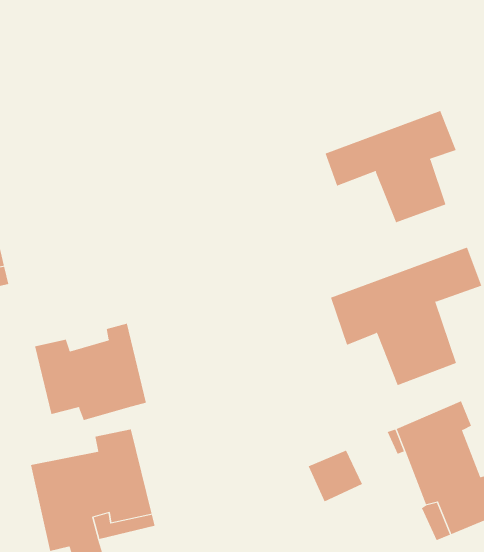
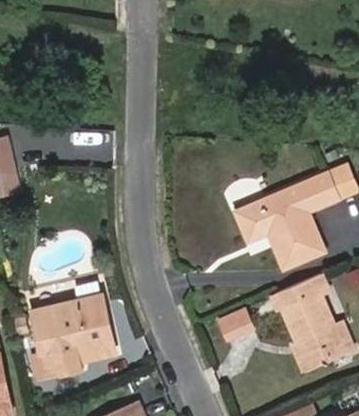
building: [325,110,456,223] -> none
building: [34,323,146,421] -> none

